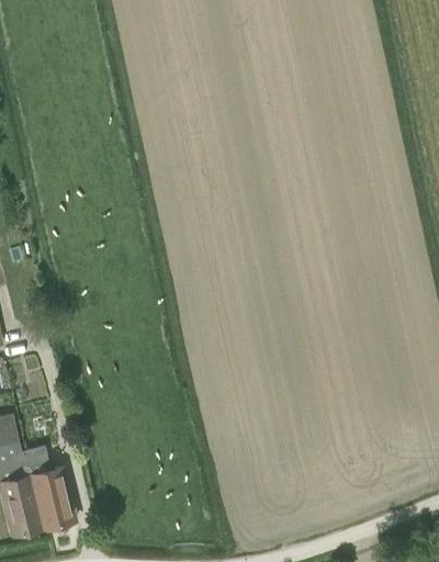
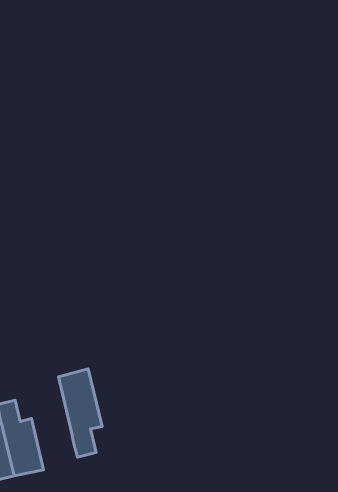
building: none -> [59,369,102,457]

